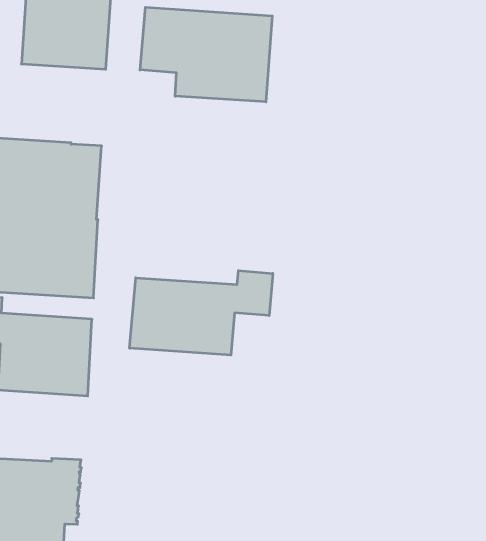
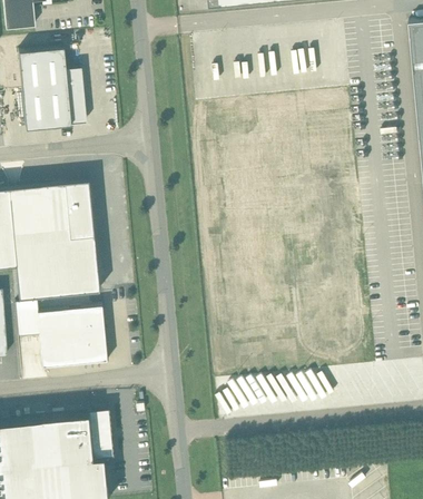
building: [140,7,272,102] -> none
building: [130,271,273,355] -> none

